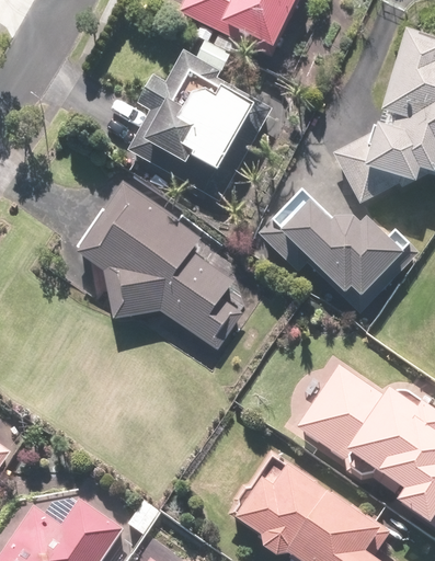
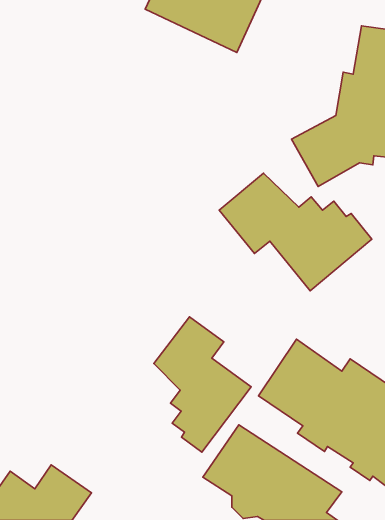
building: [125,42,274,205] -> none
building: [79,183,242,351] -> none
building: none -> [154,317,251,452]

